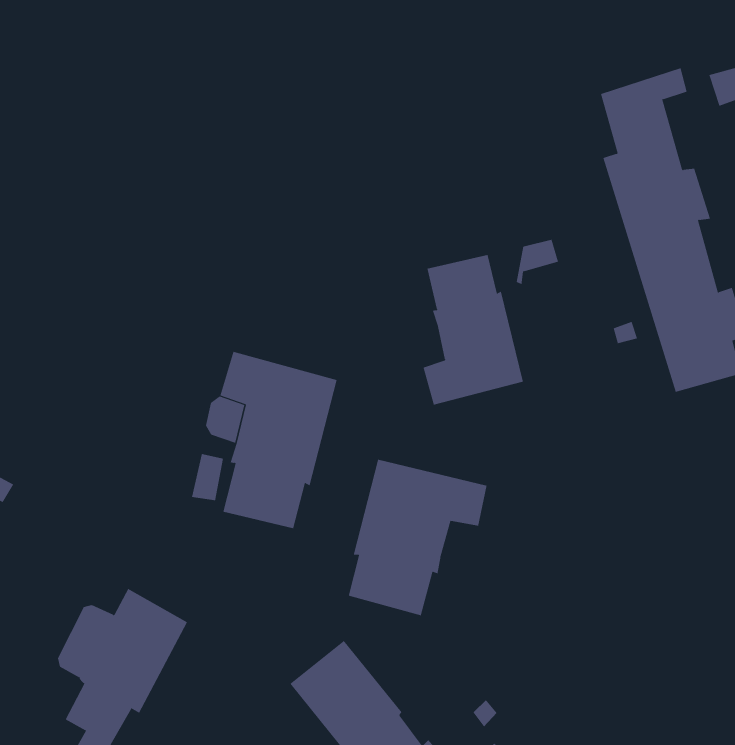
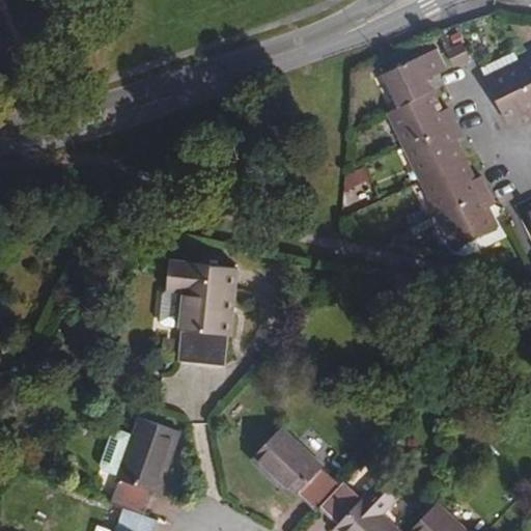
building: [423,254,523,405] -> none
building: [348,459,487,616] -> none

